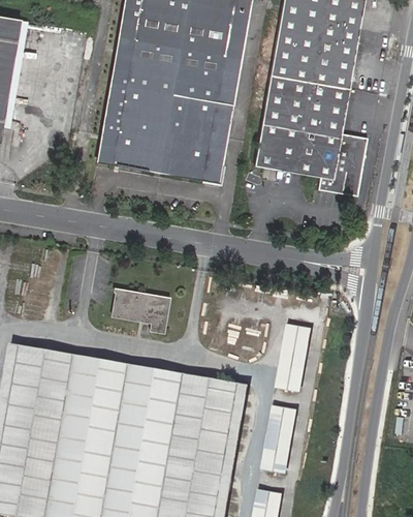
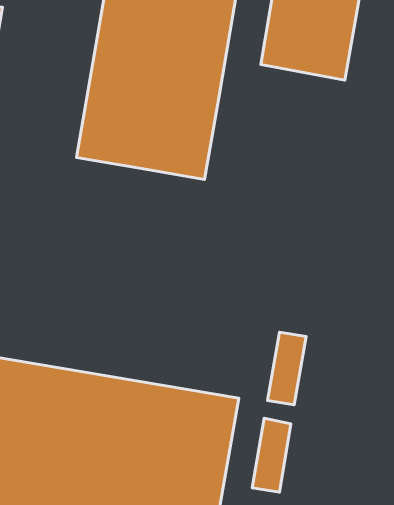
building: [254,74,368,195] -> none
building: [113,288,169,332] -> none

